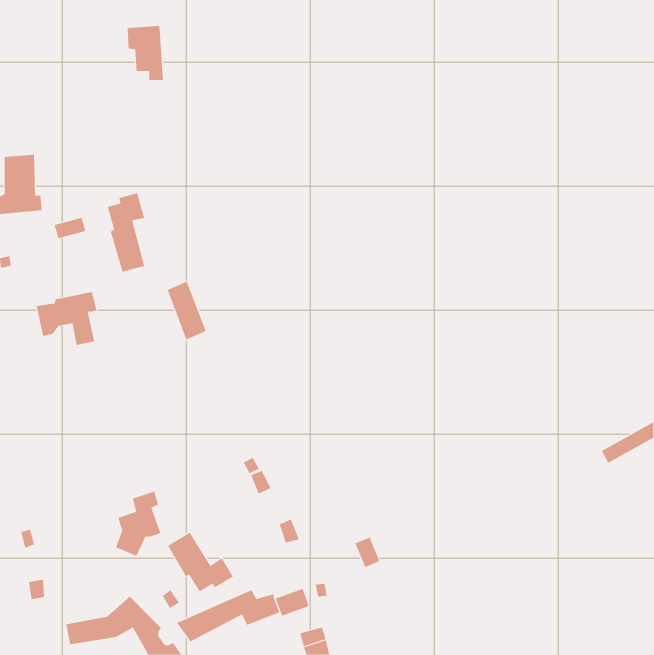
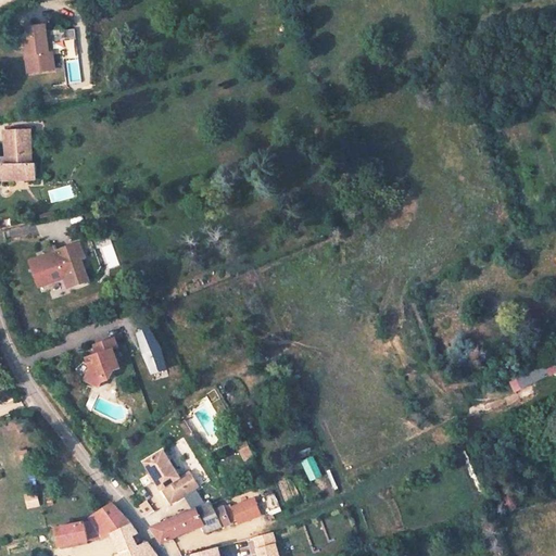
building: [127,25,164,81] -> [23,25,54,72]
building: [107,192,145,273] -> none
building: [167,281,207,340] -> [136,324,169,374]
building: [115,491,161,556] -> [78,339,117,394]

